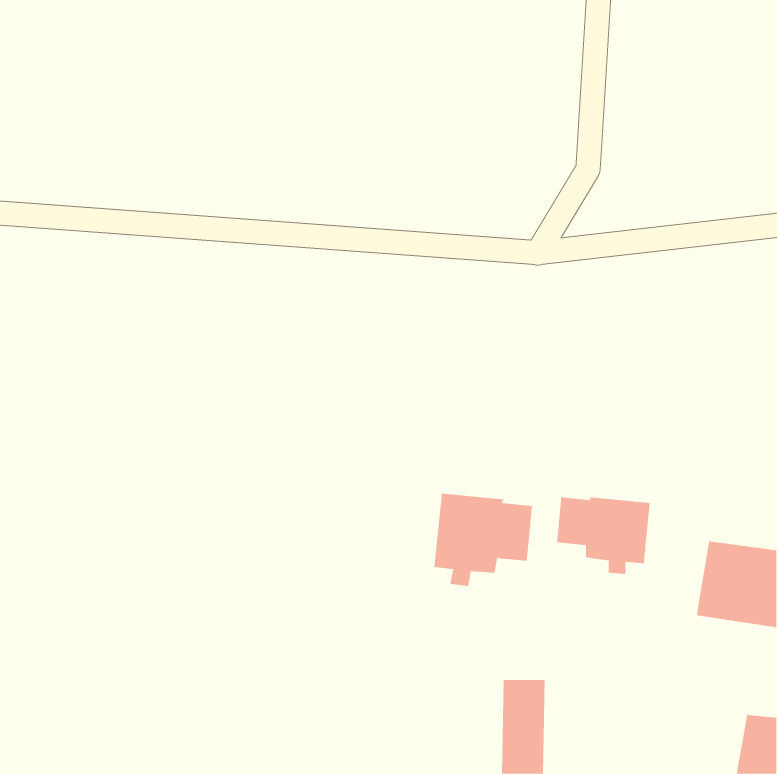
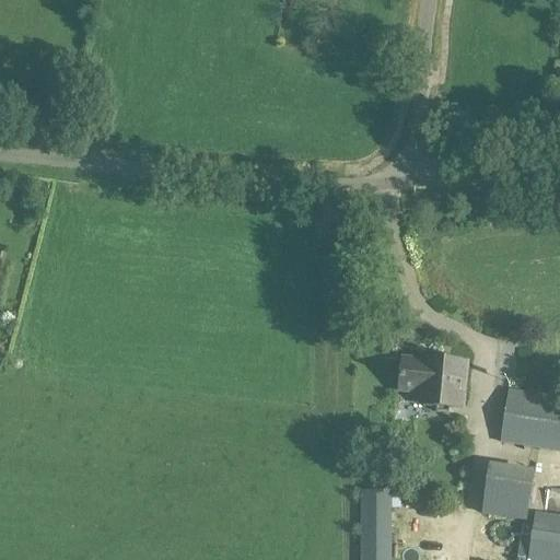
building: [434,493,533,587] -> none
building: none -> [481,460,535,520]

